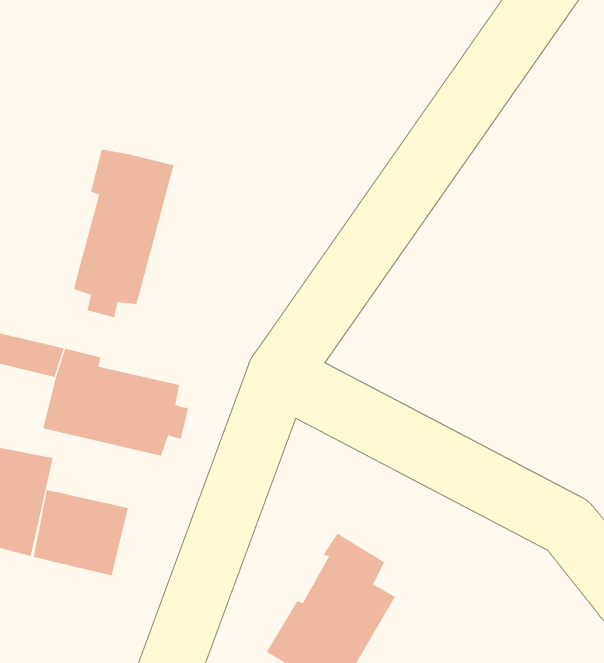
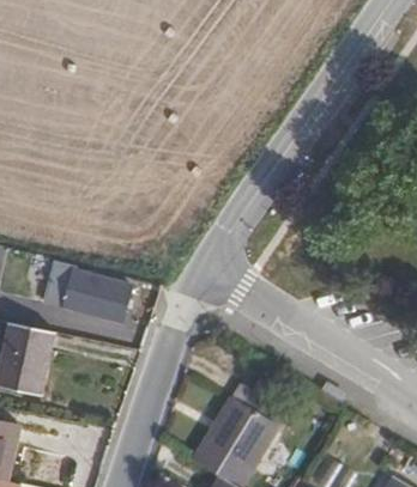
building: [73,149,174,318] -> none
building: [33,489,128,576] -> none

